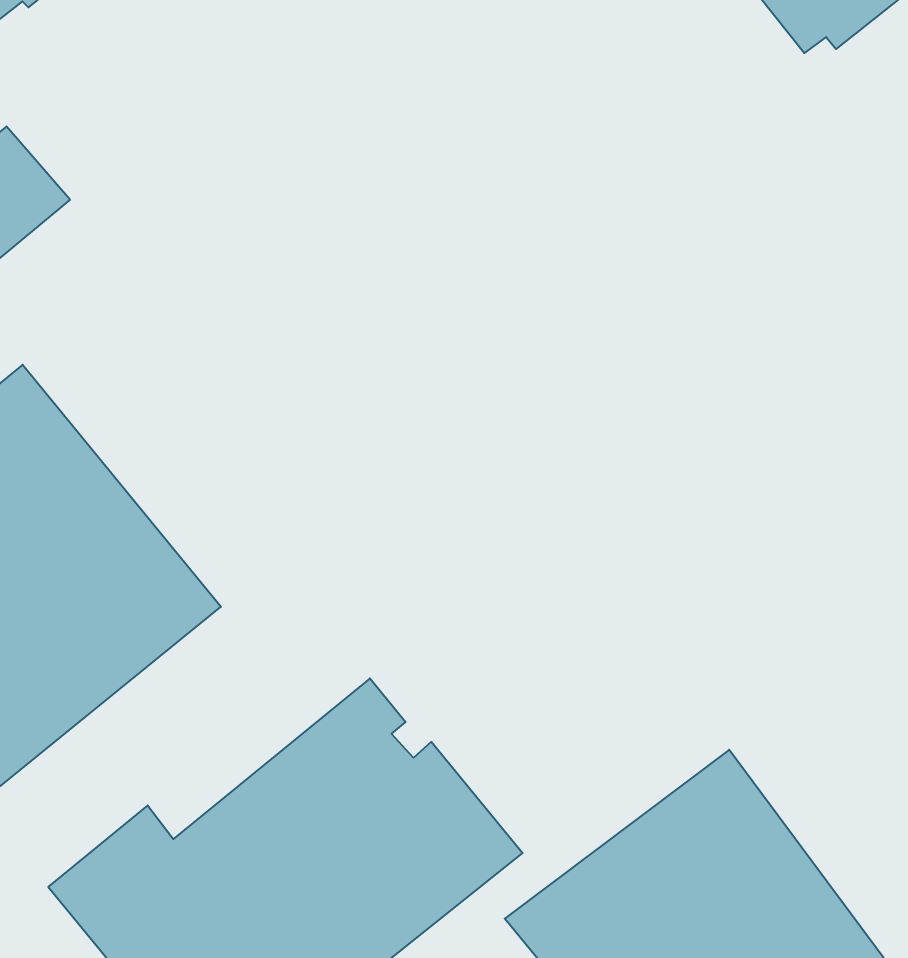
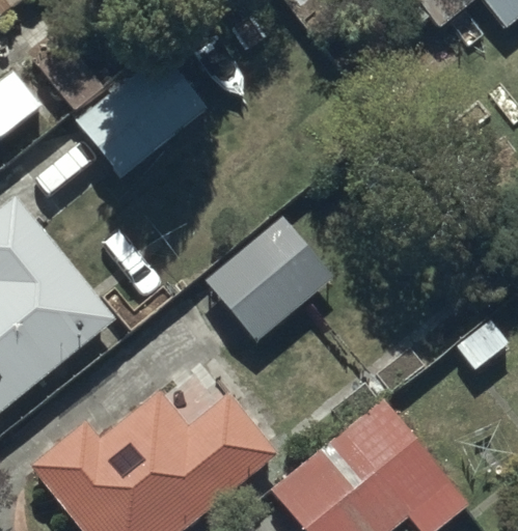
building: none -> [70,40,212,180]
building: none -> [200,205,348,346]

